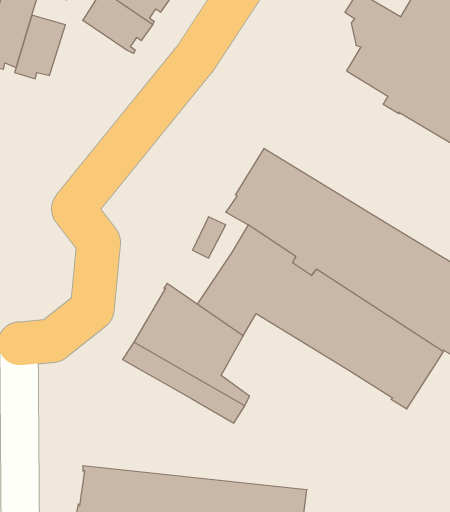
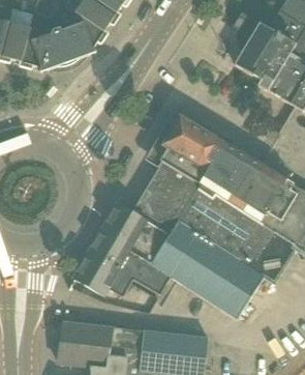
building: none -> [38,27,90,71]
building: none -> [151,222,263,319]
building: none -> [72,252,132,296]

